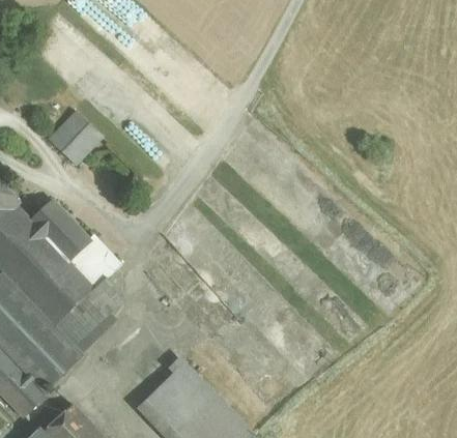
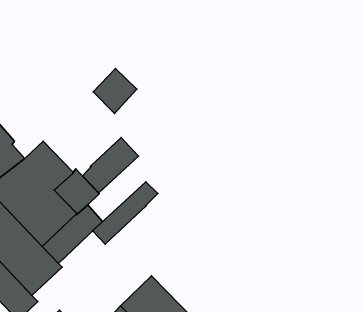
building: [49,113,102,167] -> [93,69,137,113]
building: none -> [82,138,138,193]
building: none -> [93,182,158,244]

